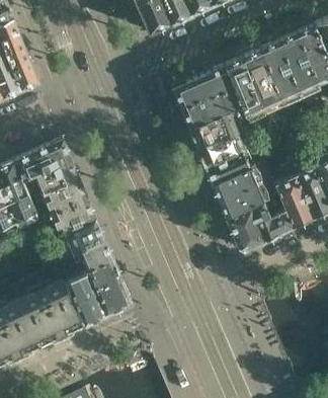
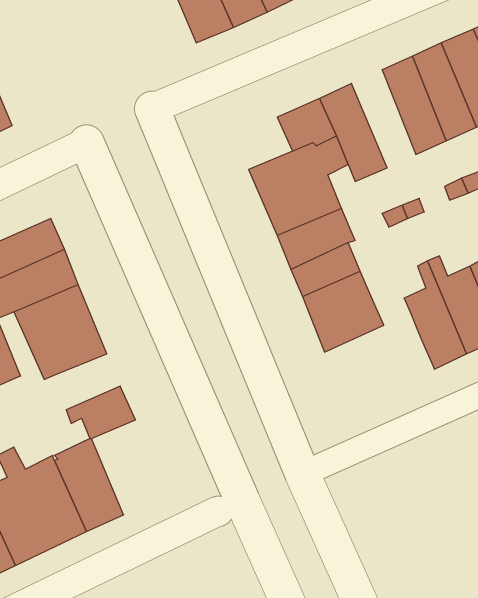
building: [242,51,280,109] -> none
building: [172,79,207,110] -> none
building: [226,196,292,252] -> none
building: [63,221,103,254] -> none
building: [86,260,131,317] -> none

